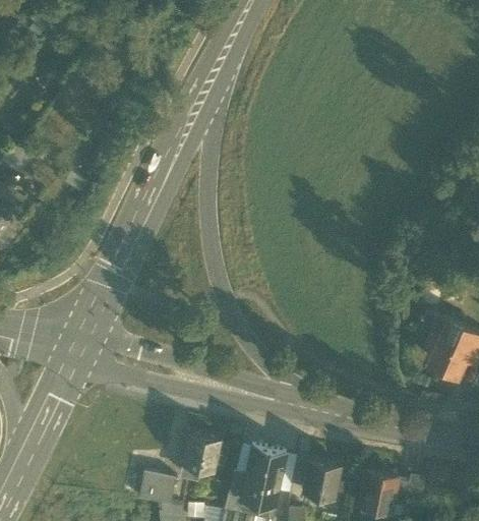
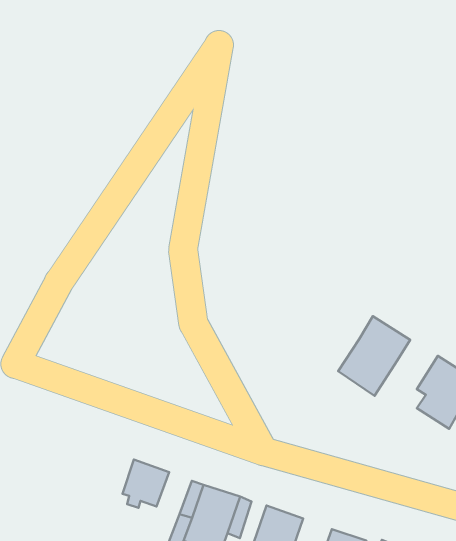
building: none -> [338,316,410,396]
building: [141,476,178,503] -> none

